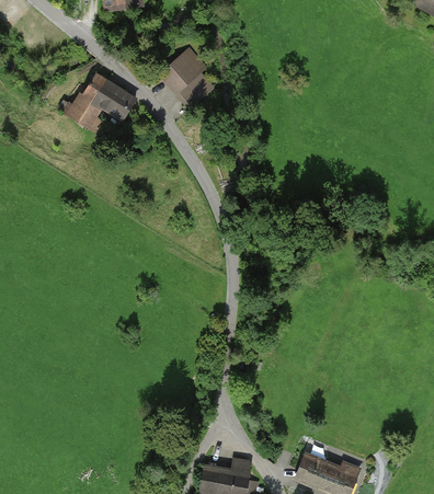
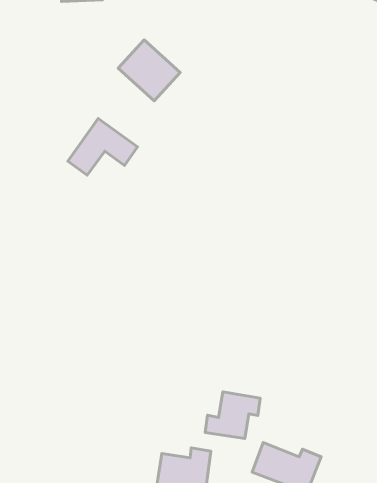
building: [66,73,136,130] -> [68,118,137,175]
building: none -> [205,392,260,439]

